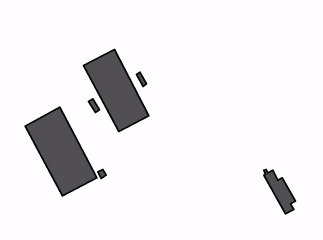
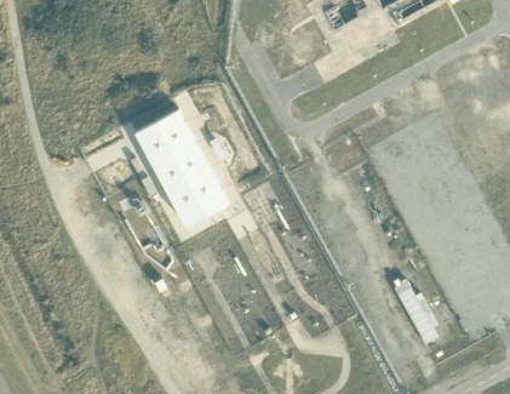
building: [25,107,97,196] -> none

